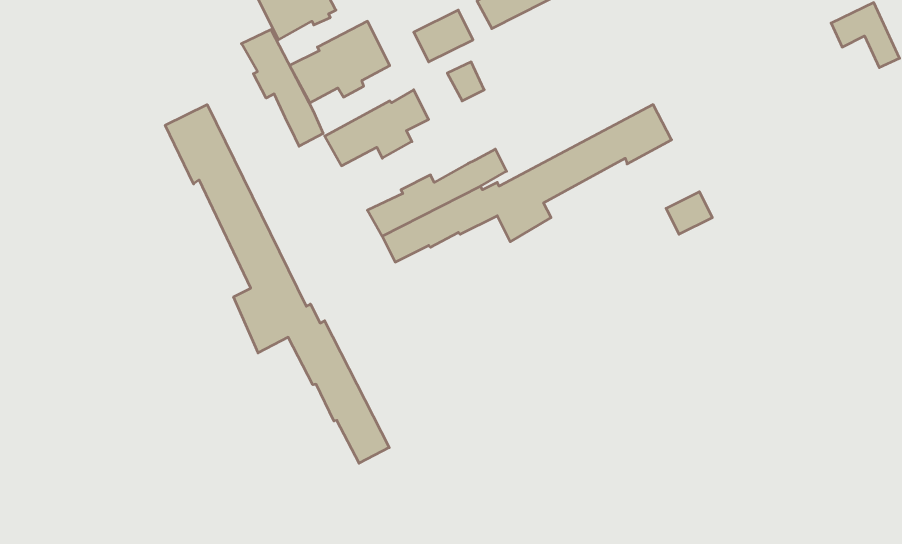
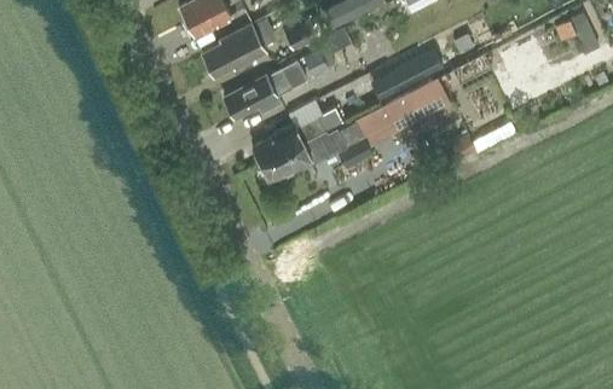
building: [241,30,323,146] -> none
building: none -> [387,50,443,91]
building: [165,105,389,463] -> none

